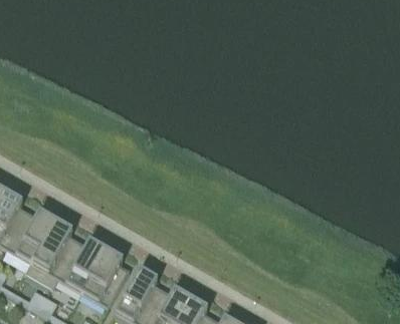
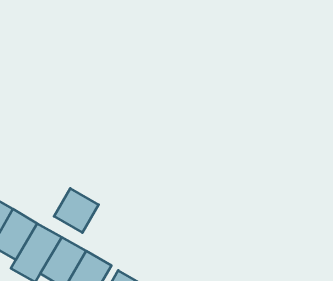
building: none -> [54,188,99,233]

